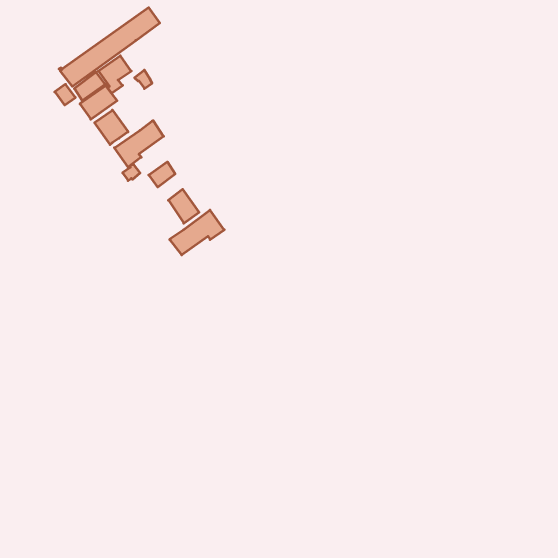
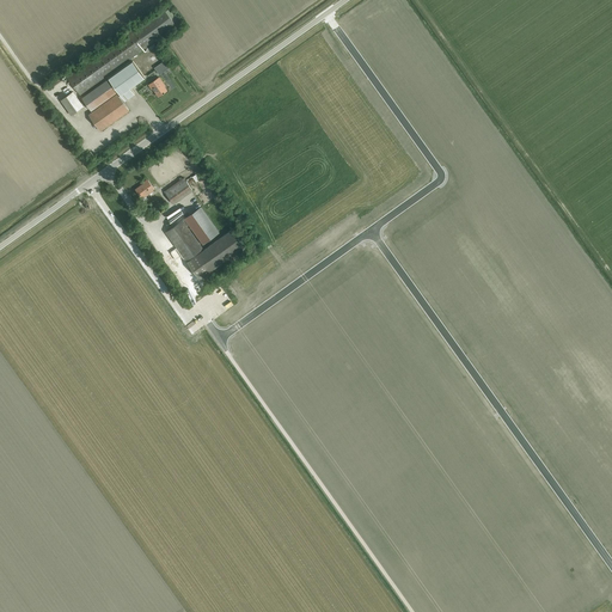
building: [95,110,128,145] -> none
building: [114,121,164,167] -> none
building: none -> [165,221,202,262]

